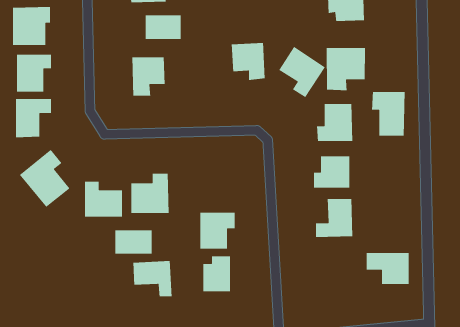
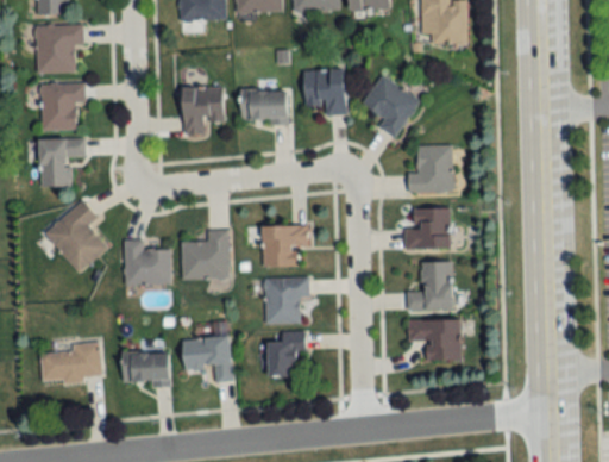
building: [145,15,182,40] -> [241,90,287,121]
building: [326,47,366,91] -> none
building: [371,91,406,137] -> none
building: none -> [263,225,308,266]
building: [115,229,153,255] -> [123,352,169,383]
building: [366,252,409,285] -> [408,319,462,360]
building: none -> [39,343,101,382]

